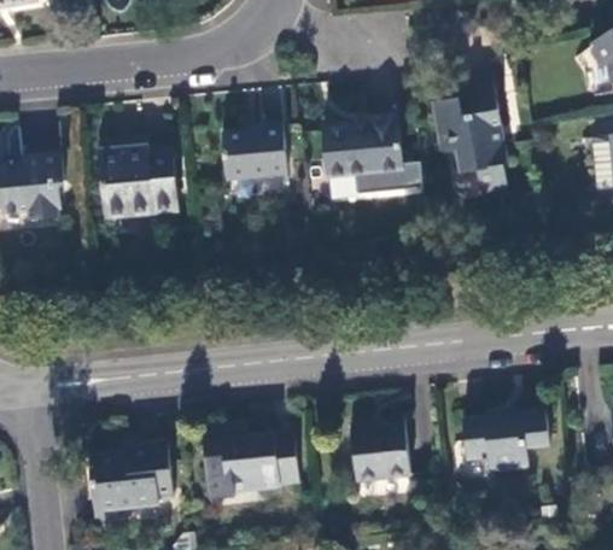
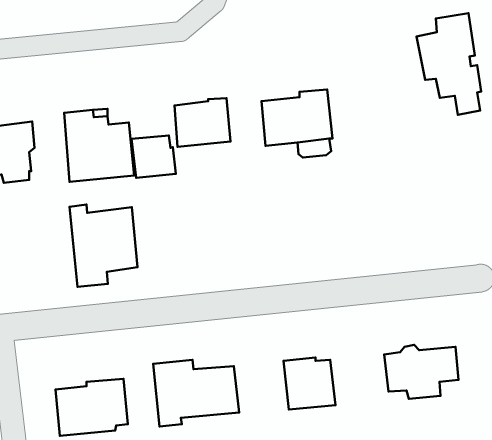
building: [433,80,507,195] -> [417,13,481,115]
building: none -> [132,136,176,178]
building: none -> [69,205,137,287]

